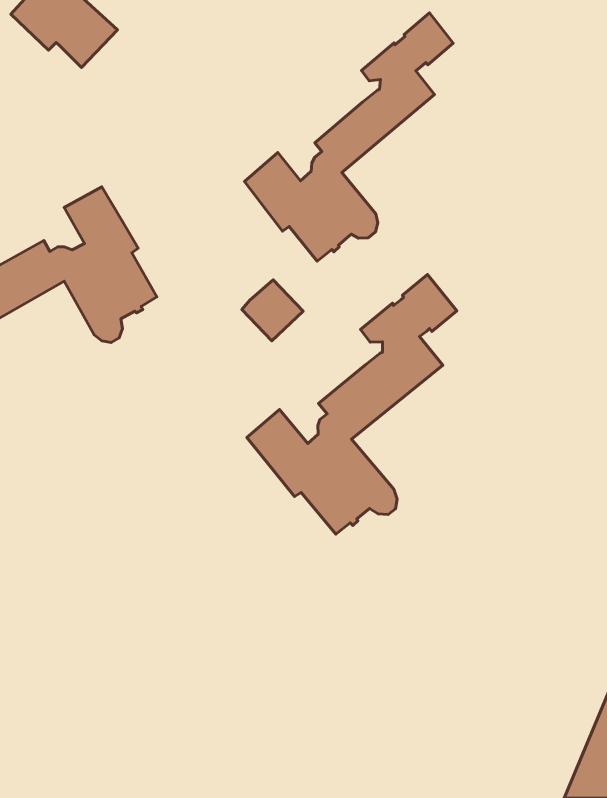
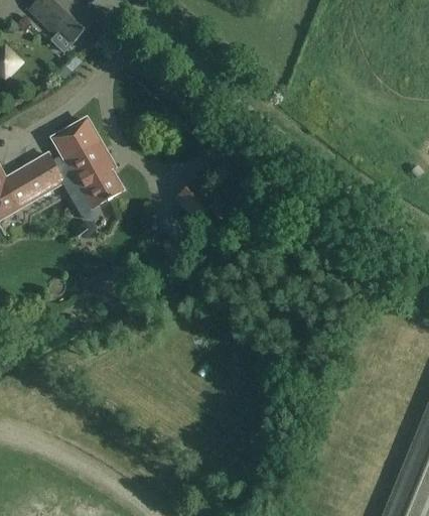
building: [244,13,453,261] -> none
building: [247,275,457,534] -> none

